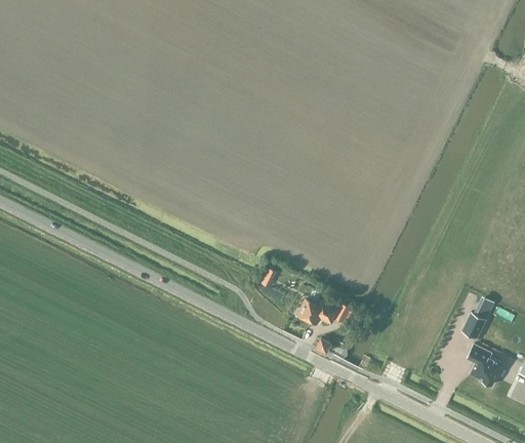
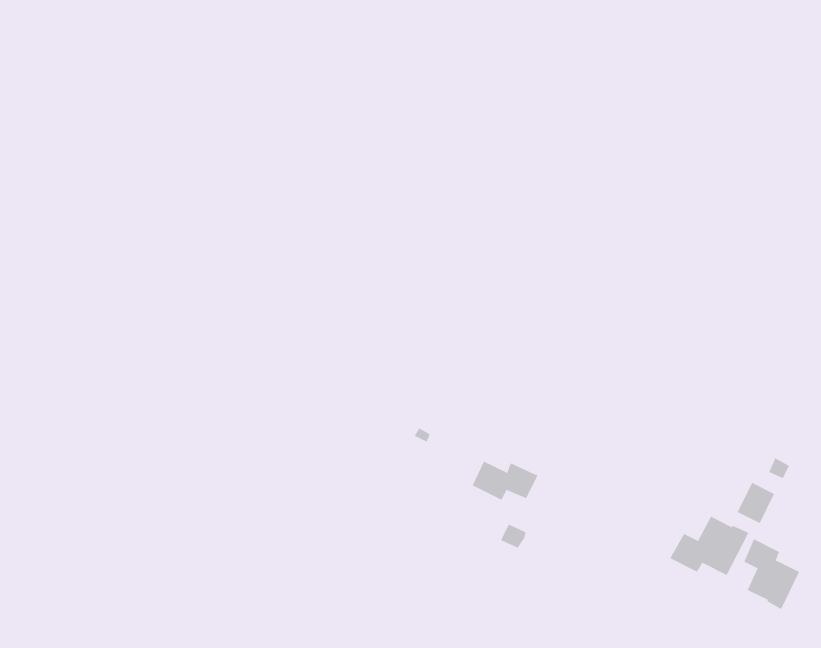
building: none -> [670,516,749,576]

